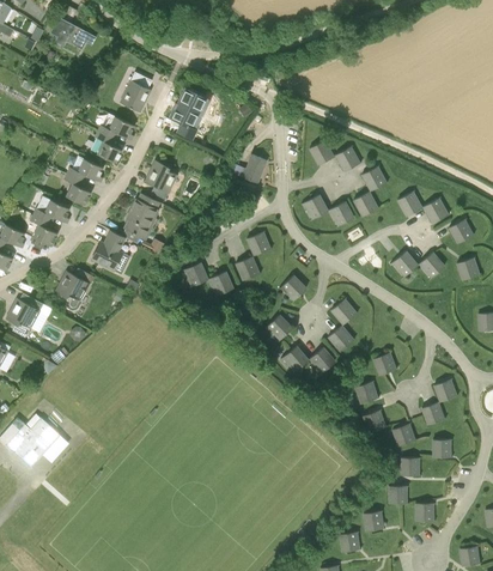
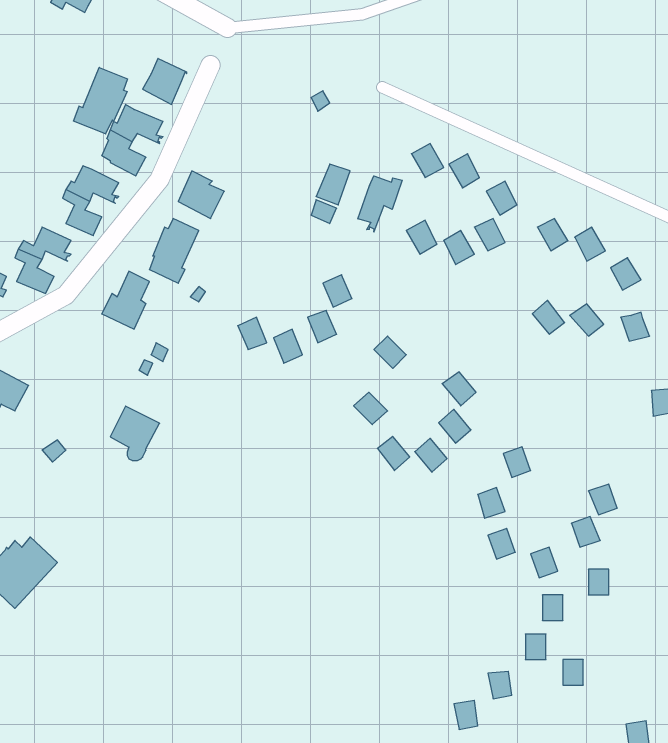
building: none -> [73,67,127,134]
building: [170,89,203,140] -> none
building: none -> [358,176,402,232]
building: [55,271,90,309] -> [110,406,160,461]

